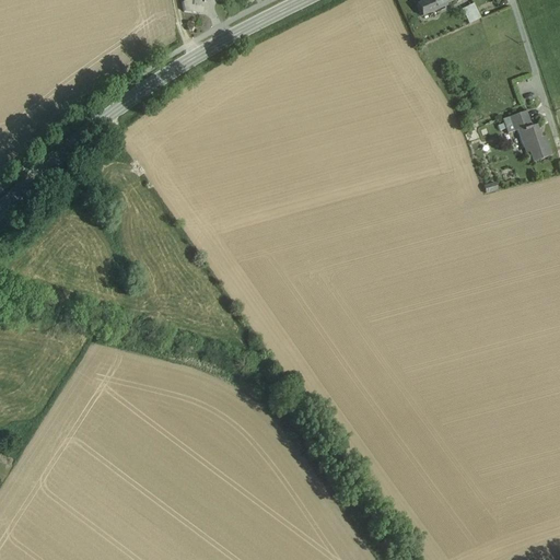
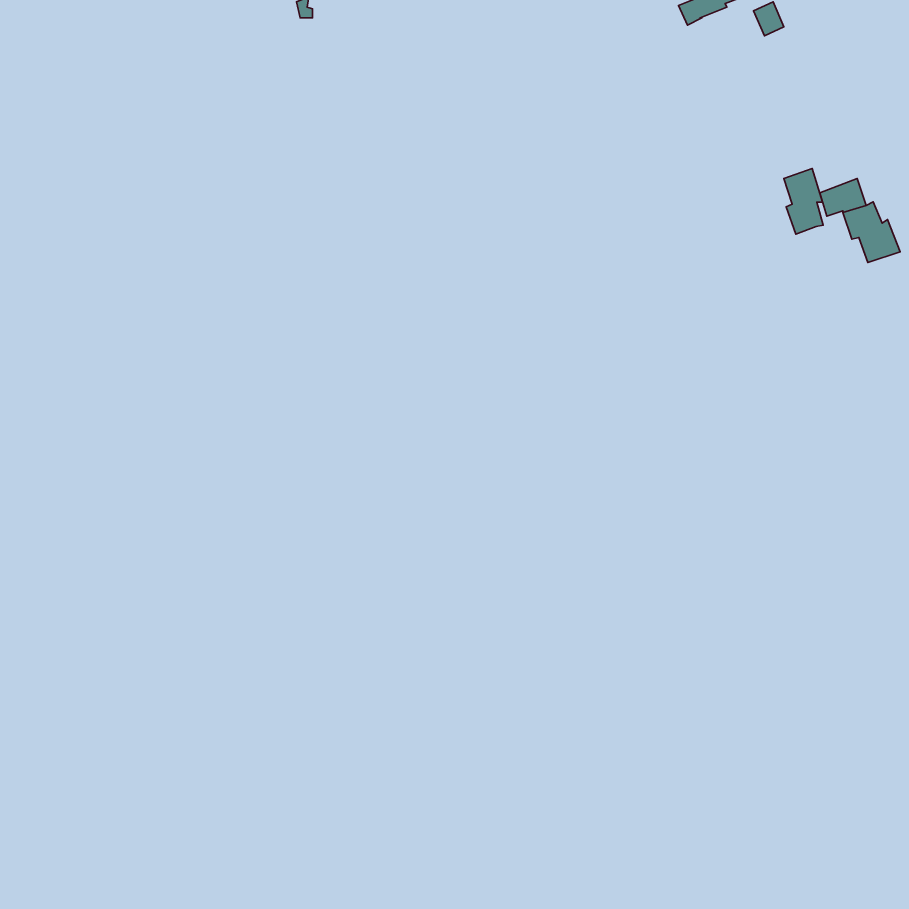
building: none -> [784,168,823,234]

